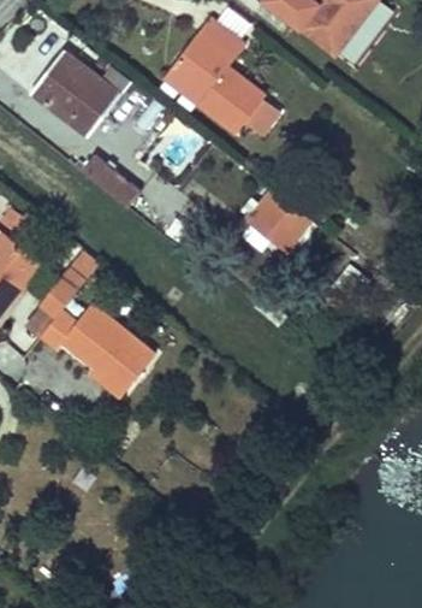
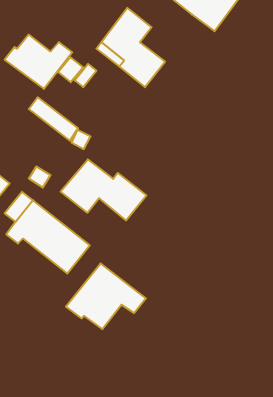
building: [245,187,315,254] -> none
building: none -> [61,159,146,220]
building: none -> [66,263,146,329]

